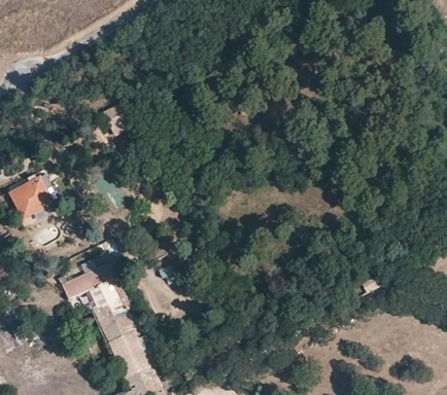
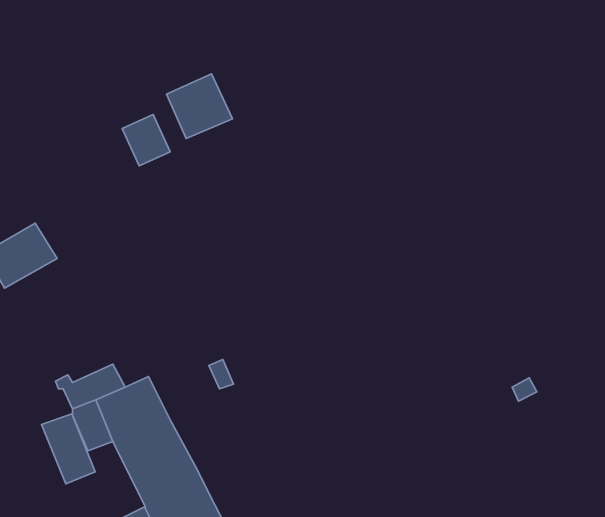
building: none -> [167,74,232,139]
building: none -> [41,414,95,484]

